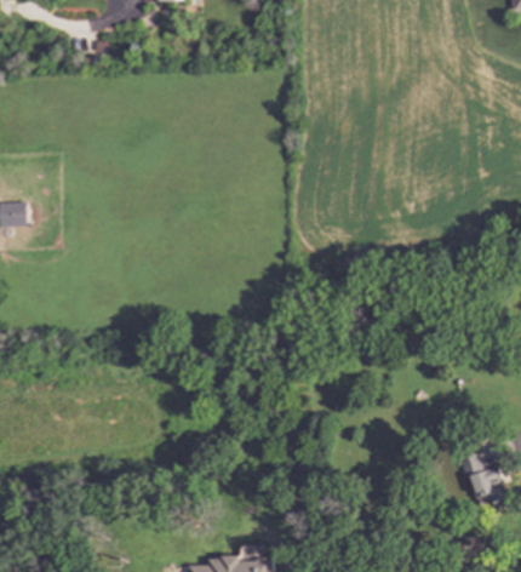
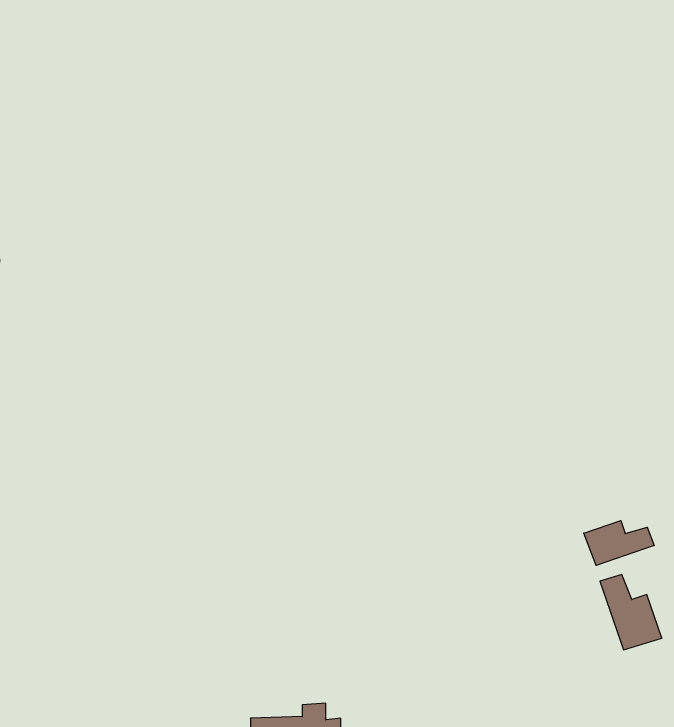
building: none -> [584,521,654,565]

